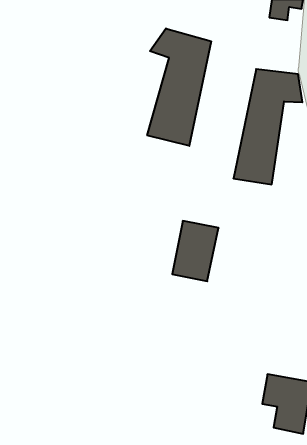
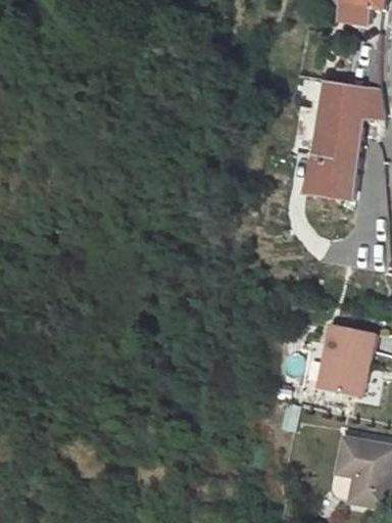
building: [147,28,211,146] -> none
building: [172,221,219,281] -> [320,324,374,394]

